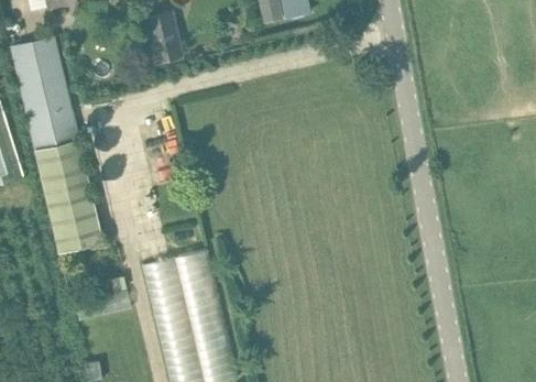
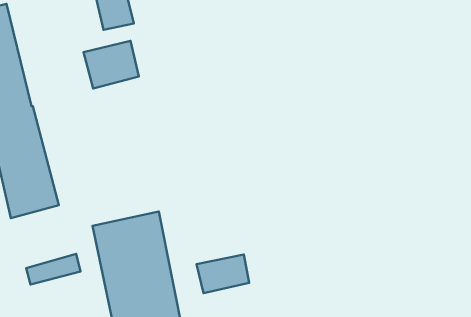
building: none -> [83,41,139,88]
building: none -> [196,254,249,293]

